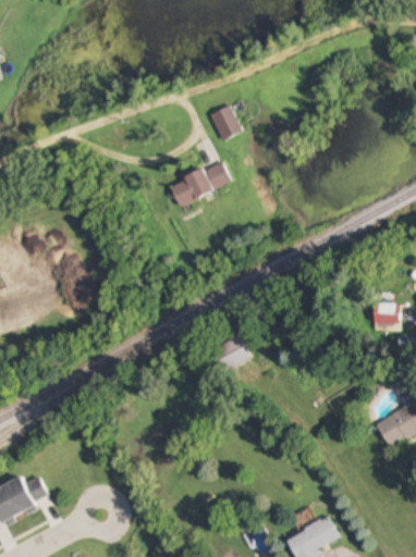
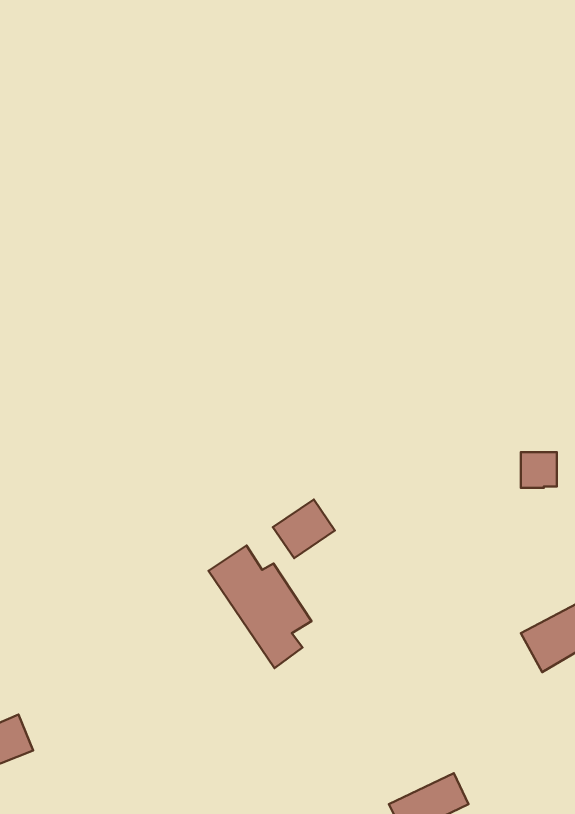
building: [209,104,242,140] -> none
building: [170,162,231,205] -> none
building: none -> [209,546,312,668]

